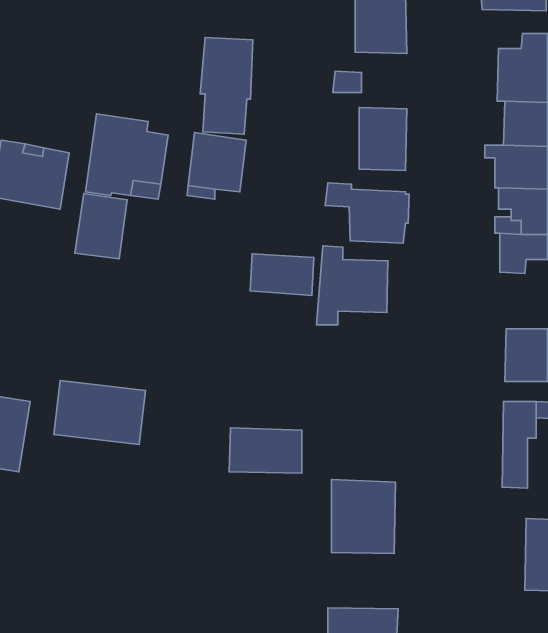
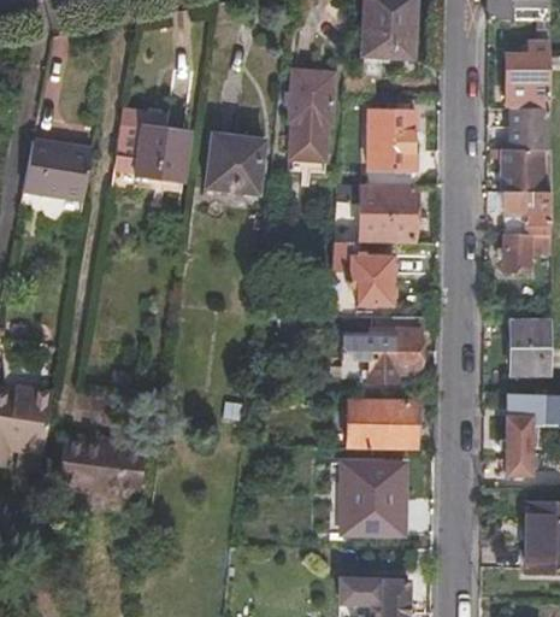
building: [200,37,253,134] -> [285,67,336,160]
building: [75,194,127,259] -> none
building: [250,254,314,296] -> none
building: none -> [359,330,418,381]
building: [54,380,145,445] -> [59,436,147,498]
building: [229,428,302,473] -> [347,404,417,447]

